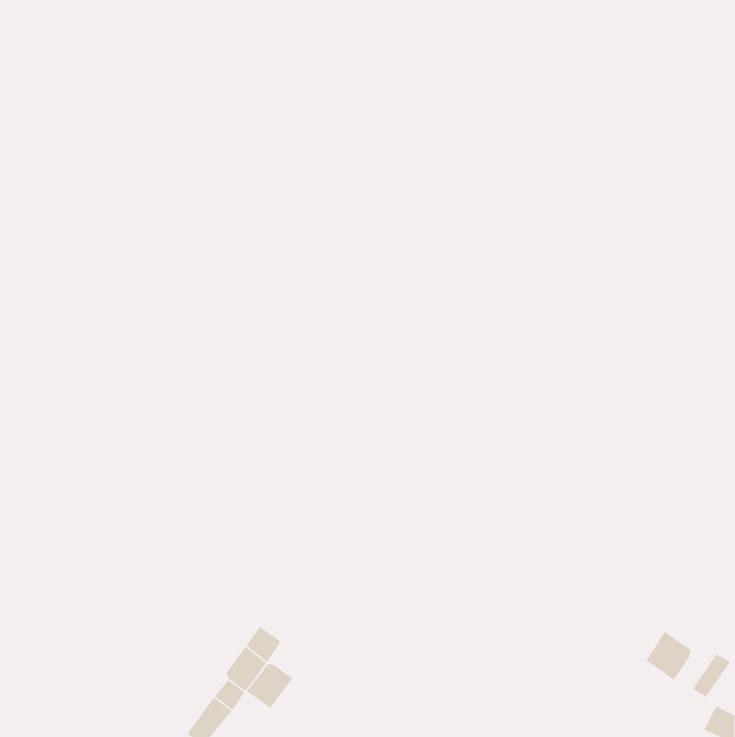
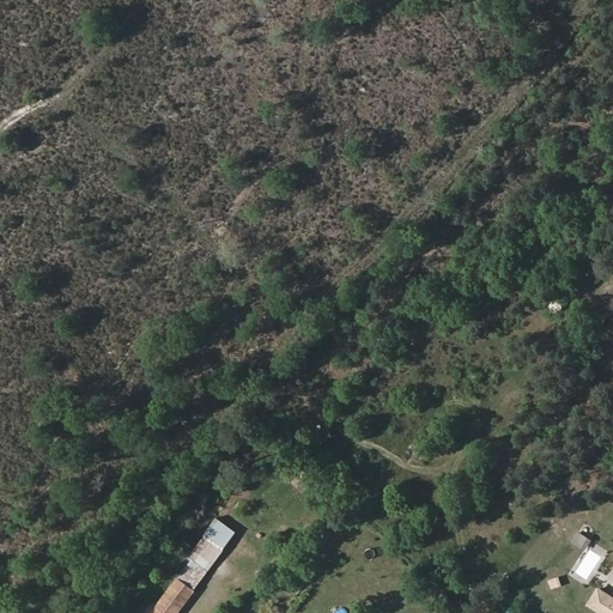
building: [645,631,692,680] -> none
building: [246,663,293,709] -> none

